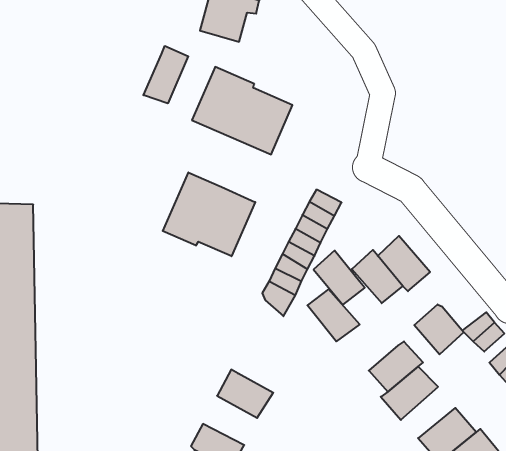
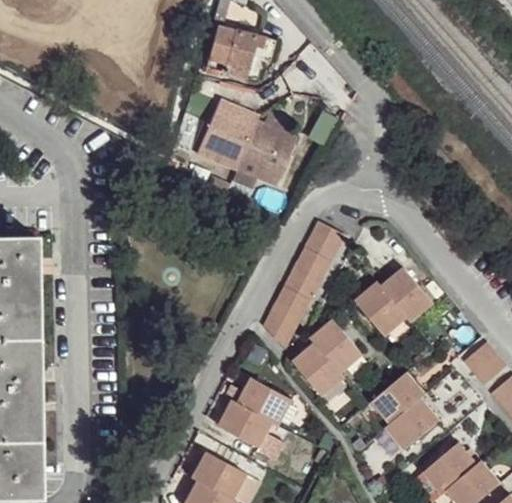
building: [143,46,188,103] -> none
building: [163,172,255,256] -> none
building: [314,251,365,305] -> [293,342,344,396]
building: [414,304,464,354] -> none
building: none -> [241,381,294,427]

